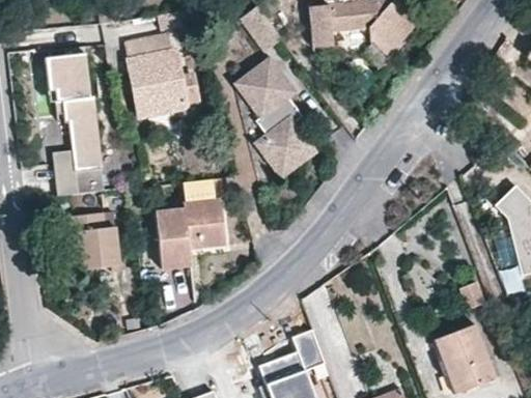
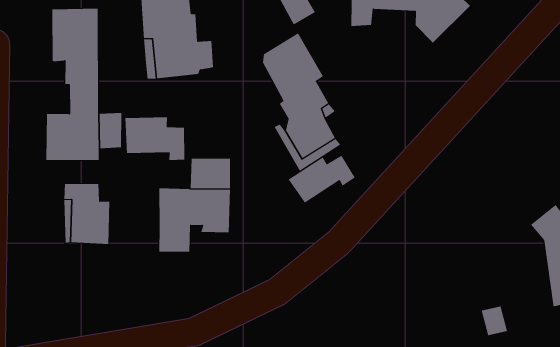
building: none -> [125,117,185,161]
building: none -> [288,155,356,204]

